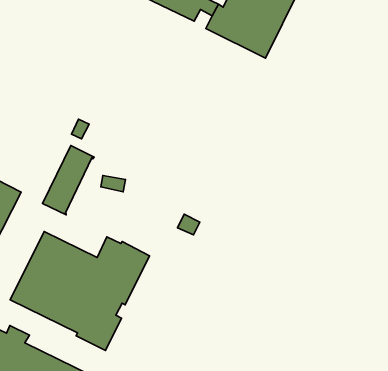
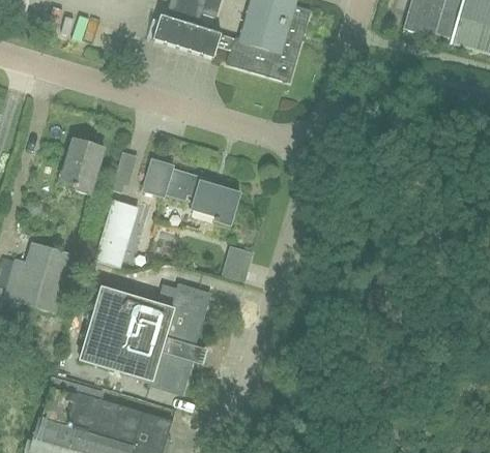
building: none -> [60,139,104,193]
building: none -> [143,158,240,224]

